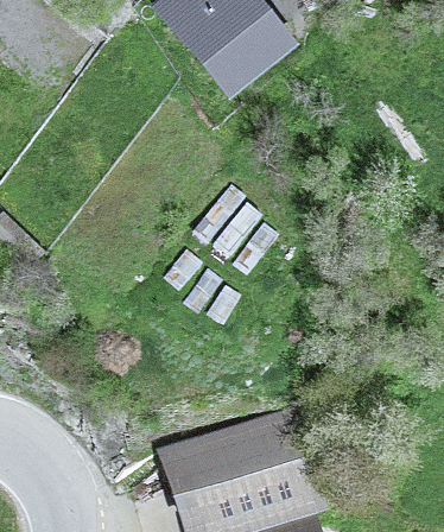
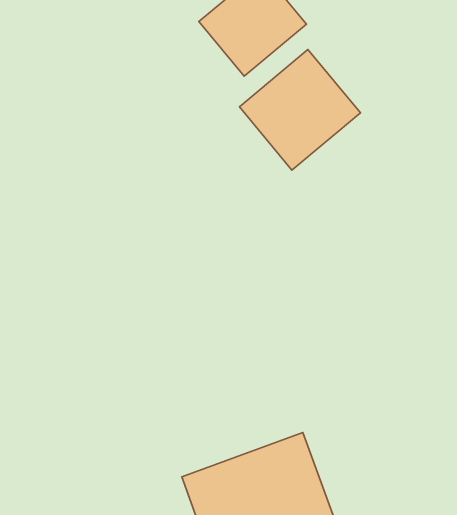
building: none -> [239,50,360,170]

